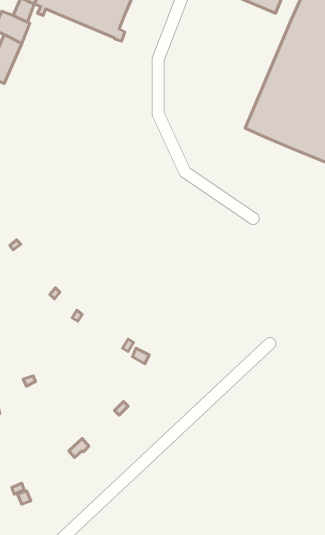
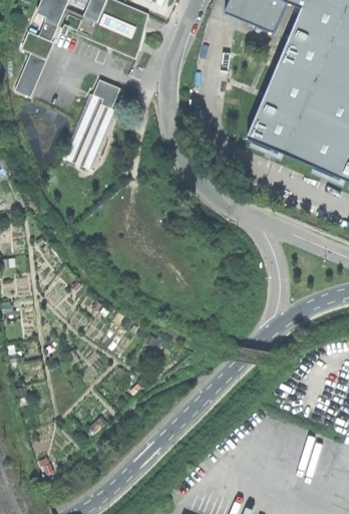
building: none -> [65,78,120,168]

